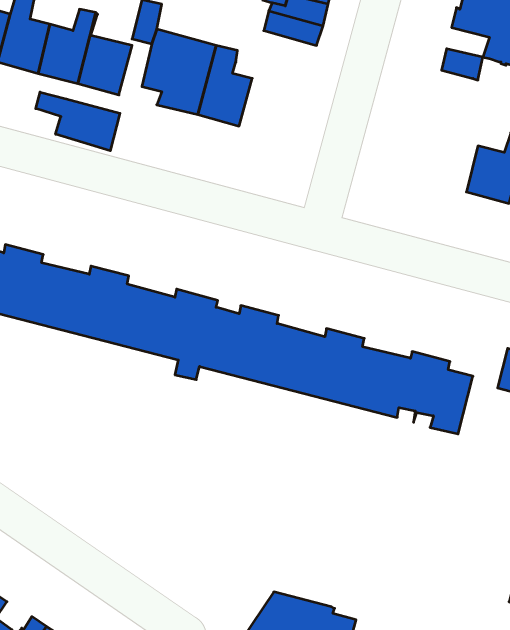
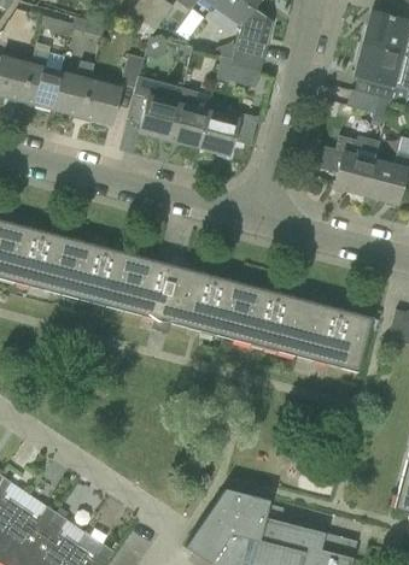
building: none -> [199,104,258,153]
building: [36,92,120,151] -> none
building: none -> [315,135,379,194]

